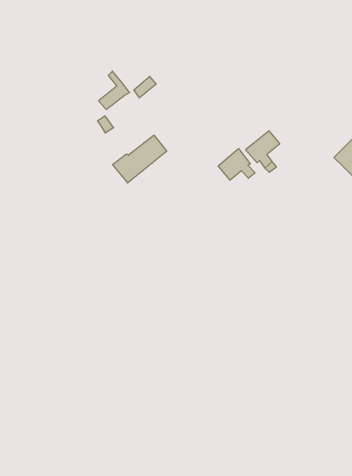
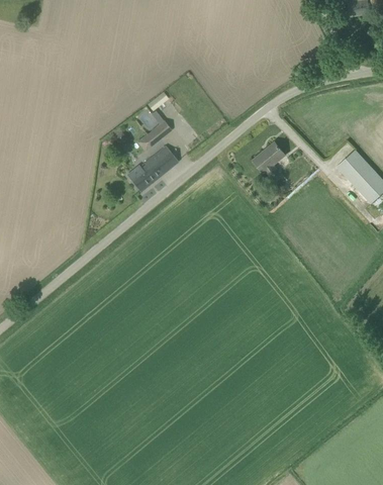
building: [99,71,130,109] -> [141,109,171,146]
building: [218,149,255,180] -> none

